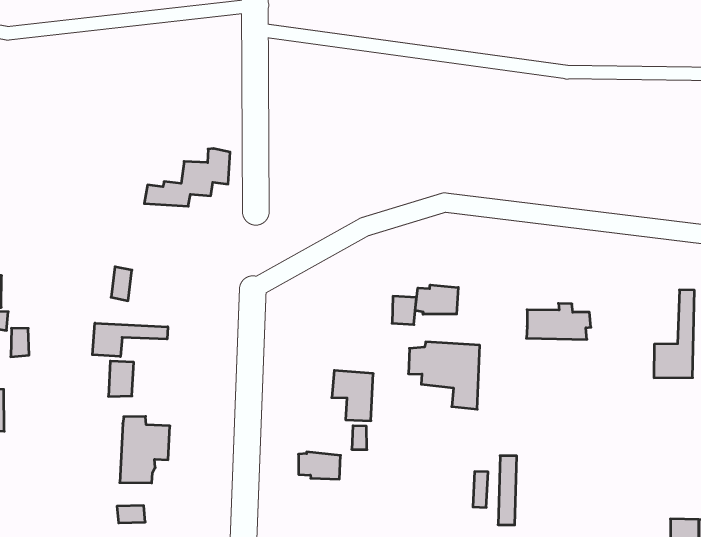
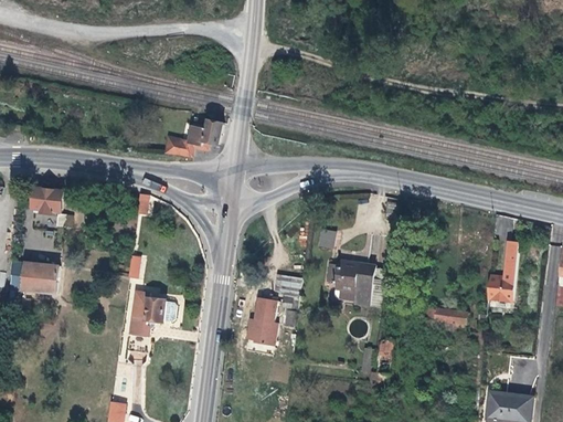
building: [415,285,458,314] -> none
building: [526,303,591,339] -> [424,305,467,330]
building: [92,323,168,357] -> none
building: none -> [254,297,277,329]

